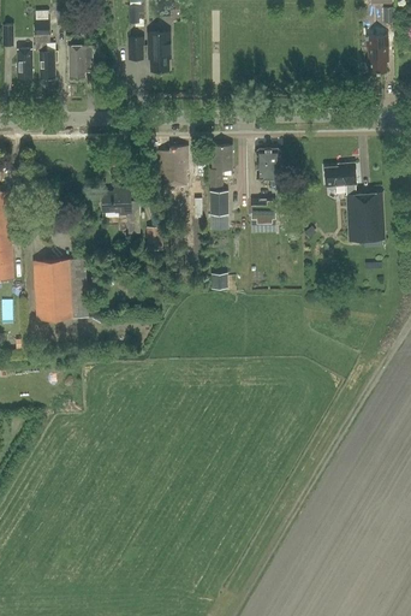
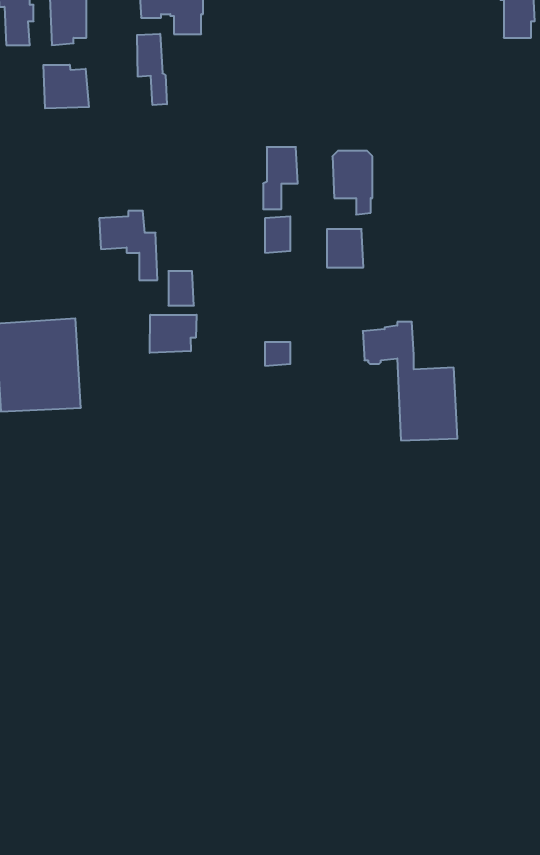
building: none -> [137,34,167,105]
building: none -> [43,65,89,108]
building: [157,146,187,184] -> none
building: [323,162,386,241] -> [363,322,457,440]
building: none -> [150,315,197,353]

